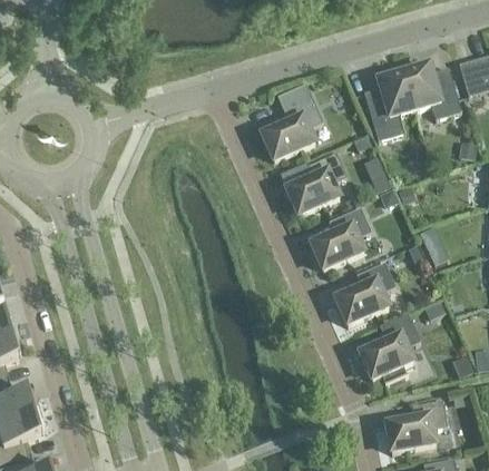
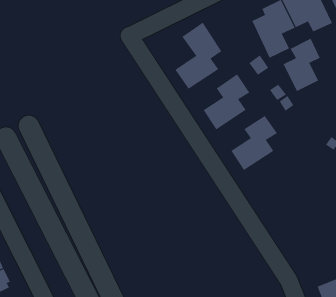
building: none -> [283,38,320,92]
building: [335,262,394,324] -> none
building: [360,312,419,384] -> none

